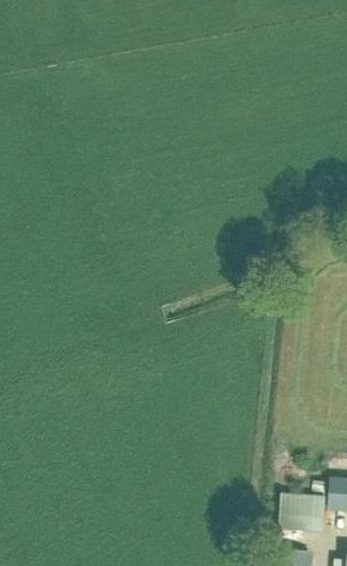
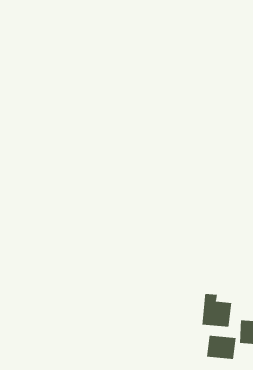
building: none -> [202,293,232,327]

